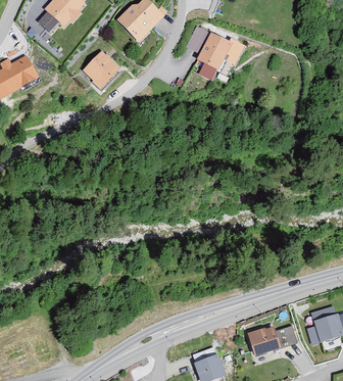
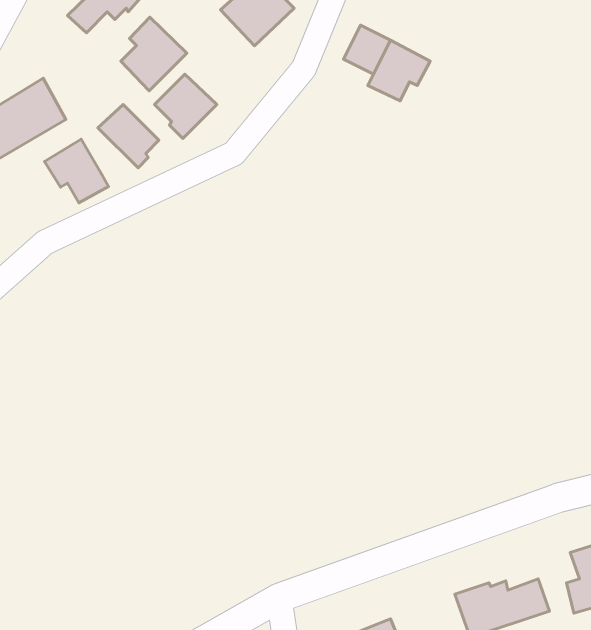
building: none -> [121,17,187,91]
building: none -> [98,104,159,168]
building: none -> [45,139,109,203]

